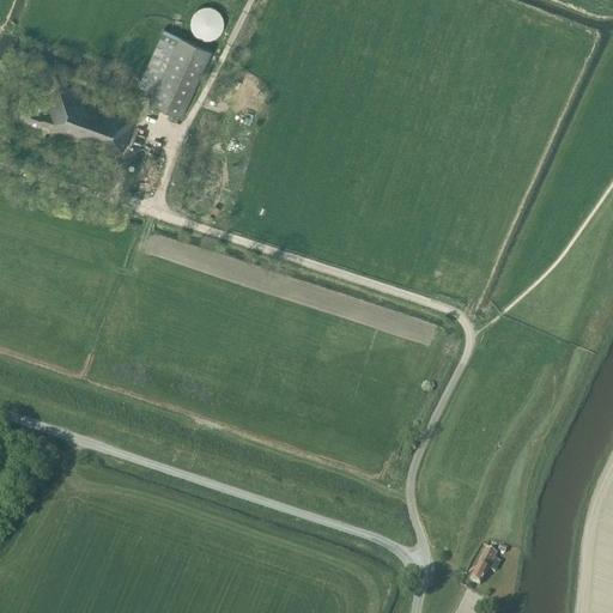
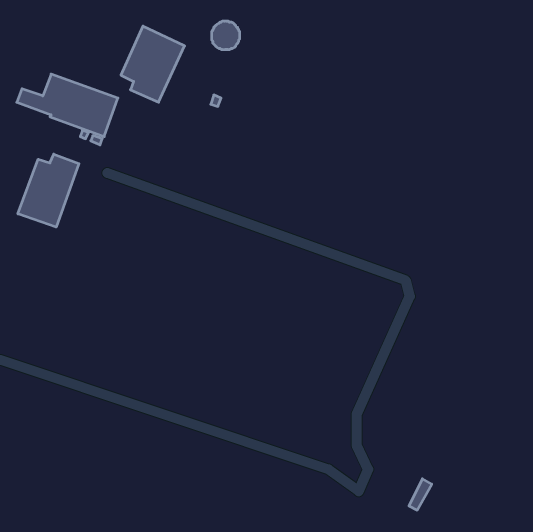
building: [192,8,224,41] -> [212,21,240,49]
building: none -> [18,154,79,227]

